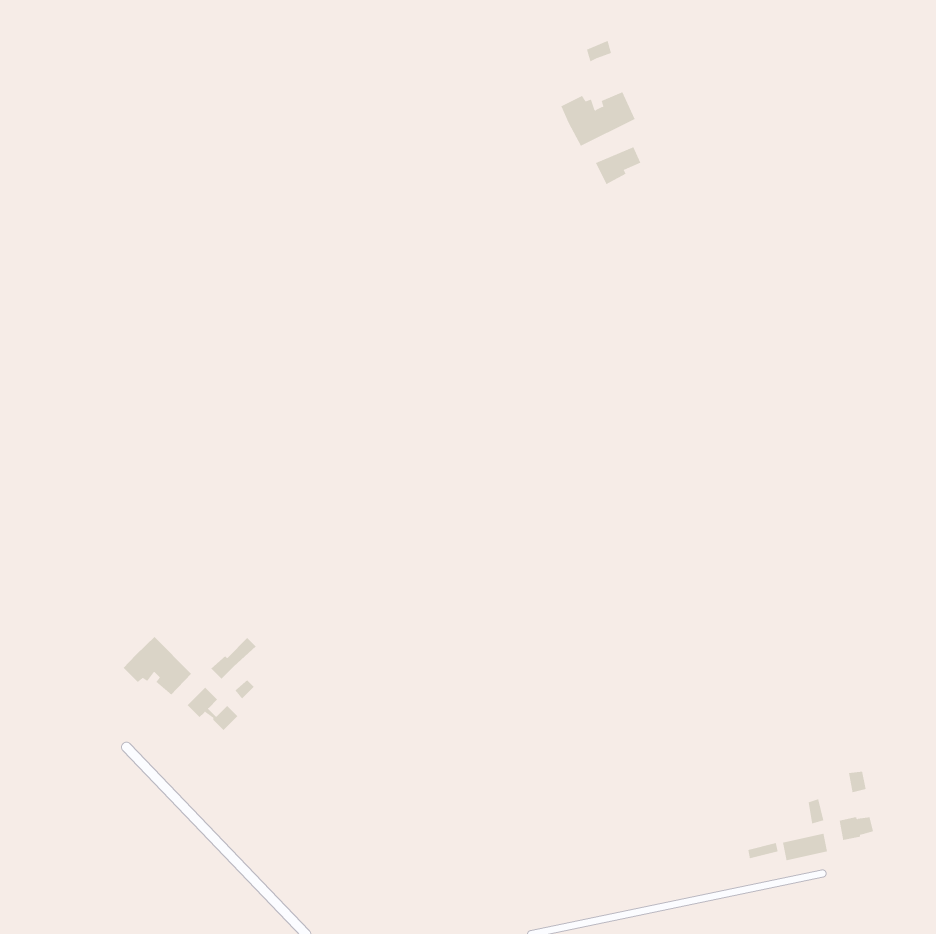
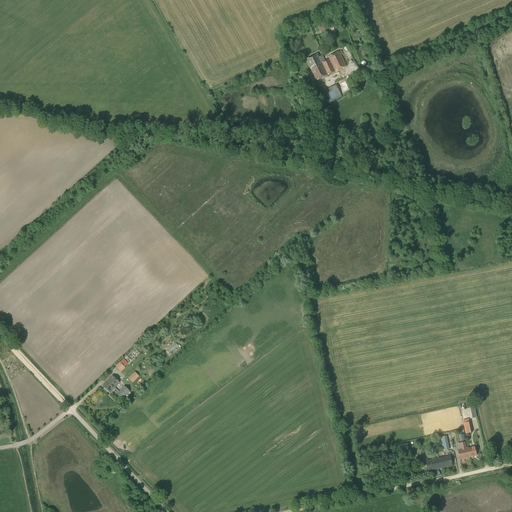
building: [123,636,192,695] -> none

